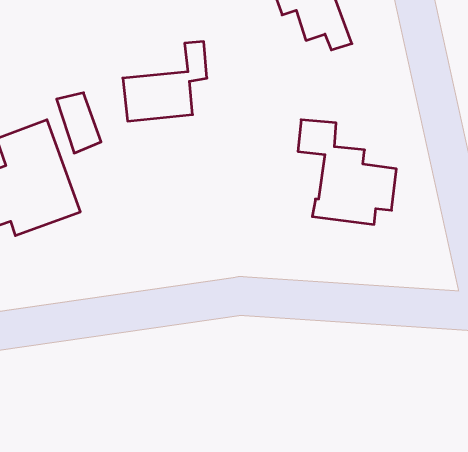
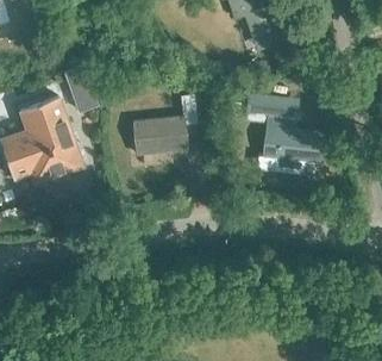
building: [123,42,207,121] -> [134,94,198,154]

